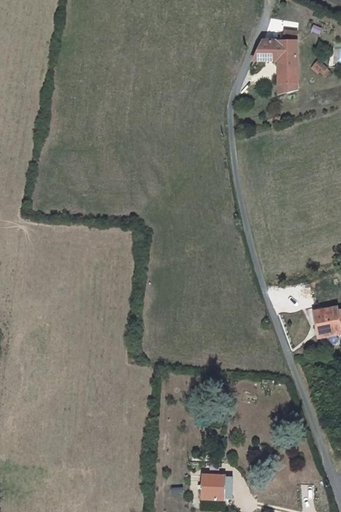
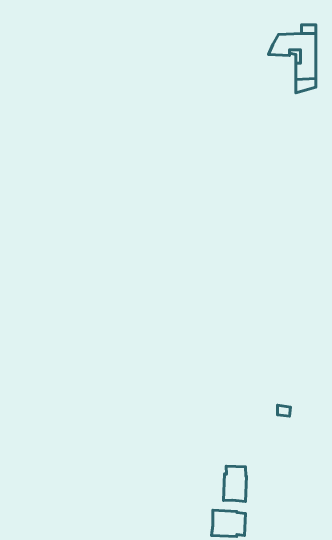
building: none -> [223,466,247,502]

